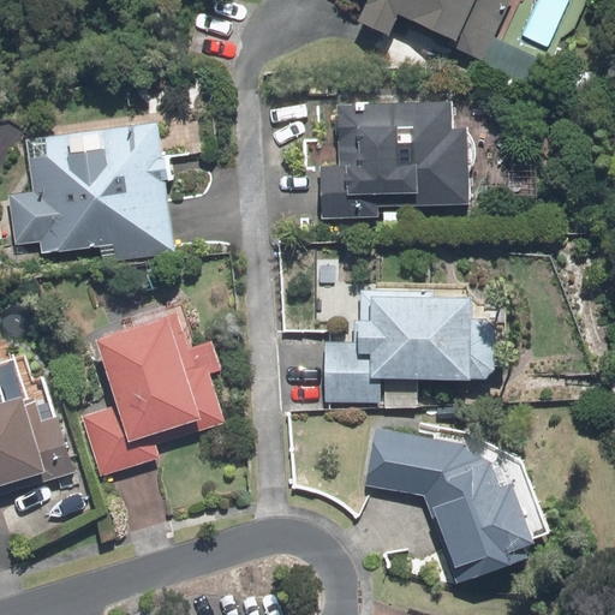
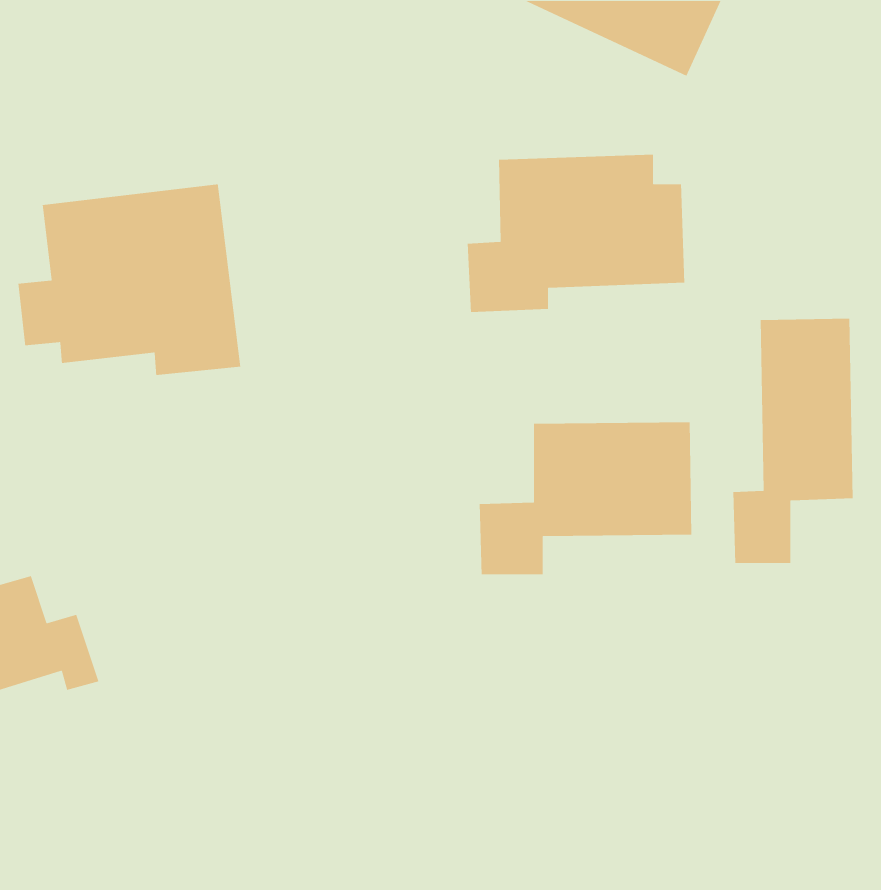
building: none -> [732,318,853,564]
building: [82,318,221,472] -> none
building: [369,431,530,568] -> none

